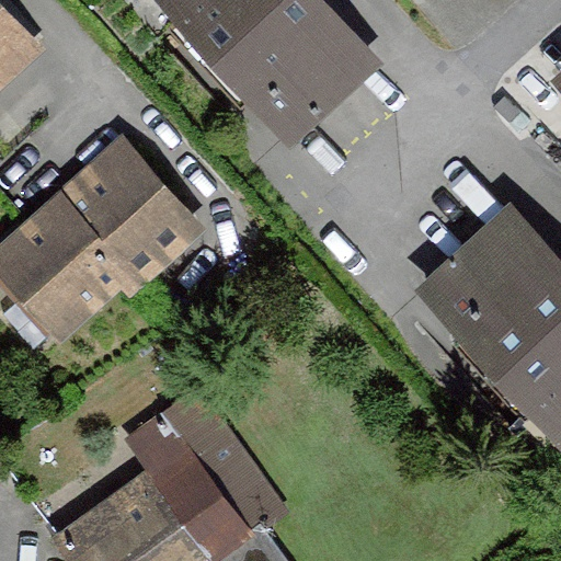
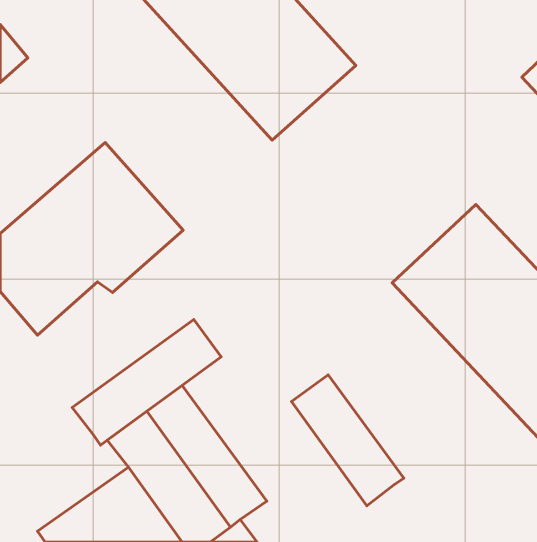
building: none -> [72,320,221,445]
building: none -> [292,375,404,506]

